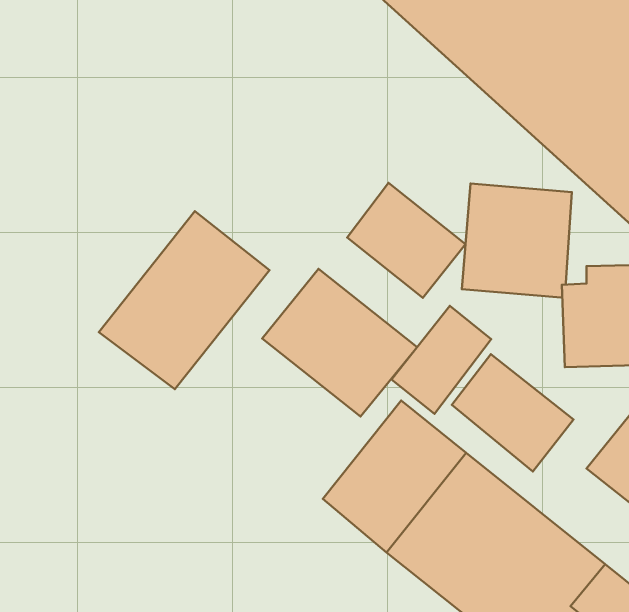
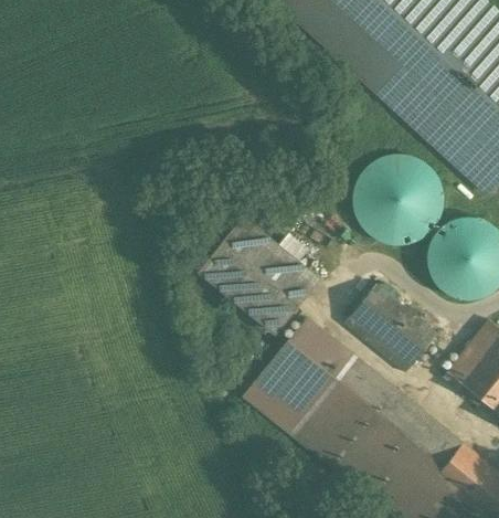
building: [347,183,466,298] -> none
building: [99,211,270,389] -> none
building: [391,306,491,414] -> none

